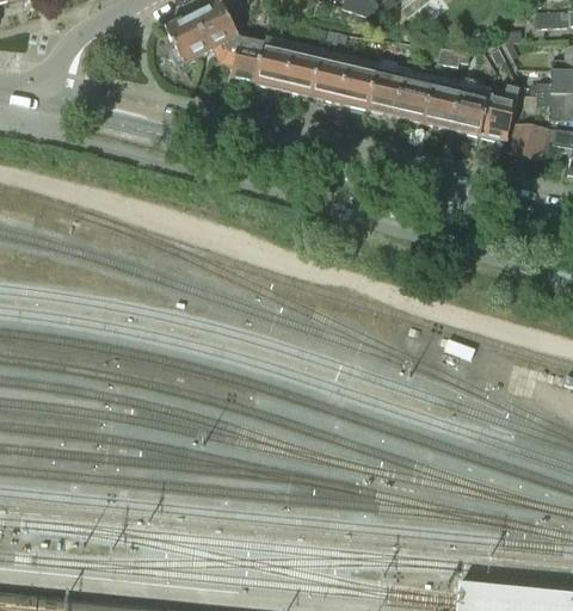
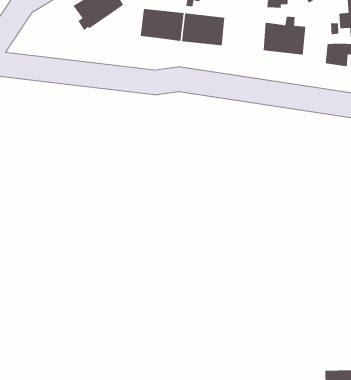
building: [216,36,265,81] -> none
building: [370,69,433,122] -> none
building: [482,86,520,138] -> none

